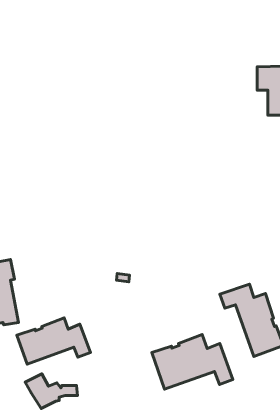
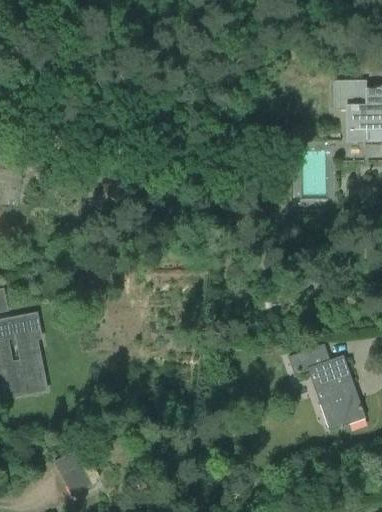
building: [17,318,91,364] -> none
building: [152,334,233,389] -> none

